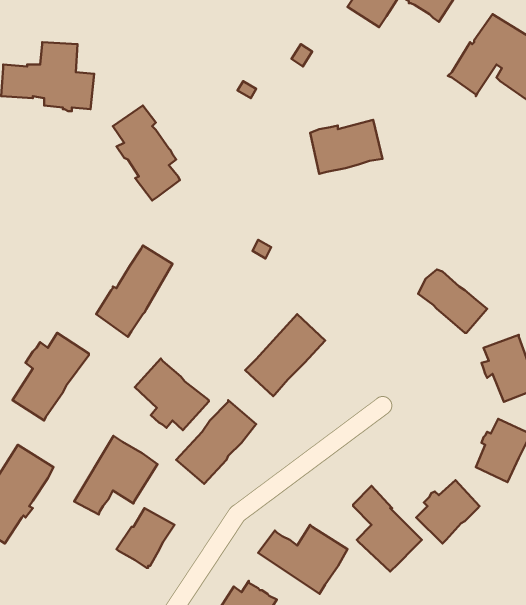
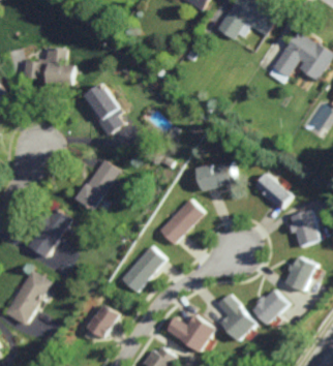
building: [310,120,383,174] -> [195,161,236,191]
building: [135,358,209,430] -> none
building: [74,436,157,514] -> none

